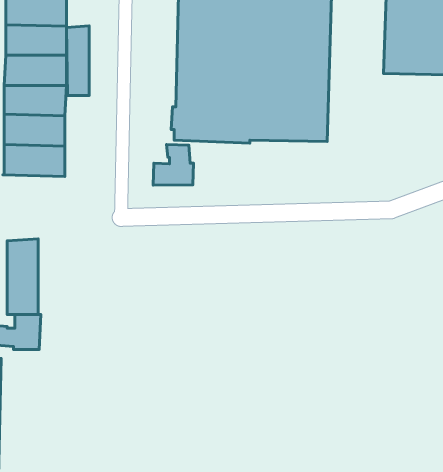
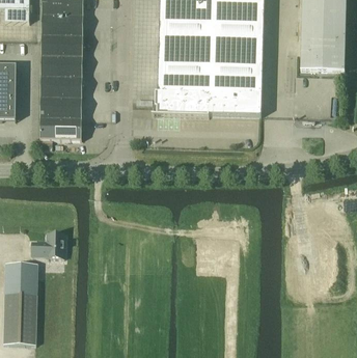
building: [66,26,89,95] -> none
building: [153,144,194,185] -> none
building: [7,239,38,314] -> none

